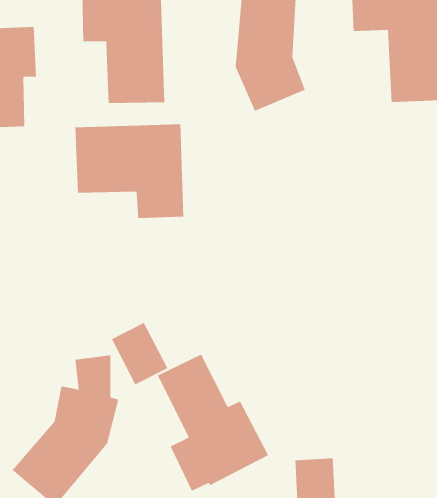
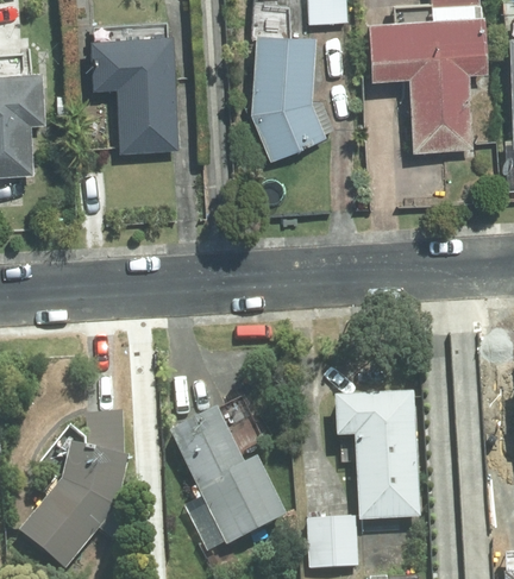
building: [74,124,184,219] -> none
building: [111,322,169,386] -> none
building: none -> [336,390,420,521]

